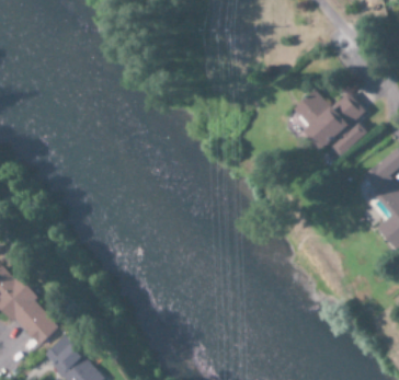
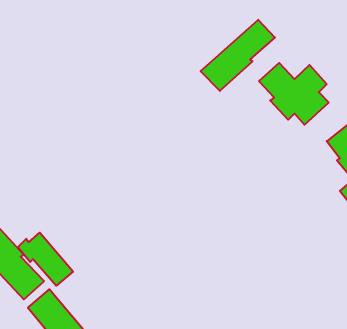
building: none -> [201,20,275,91]
building: none -> [18,233,73,286]

